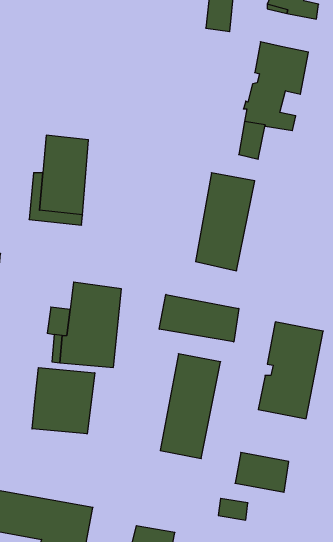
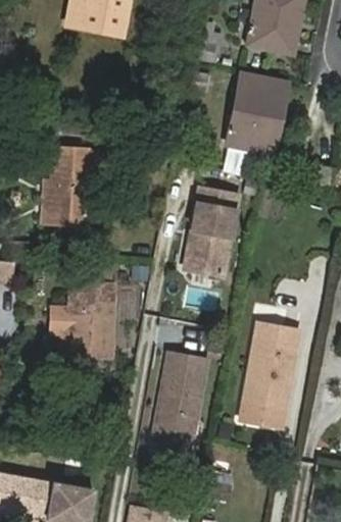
building: [159,294,239,342] -> none
building: [32,368,95,434] -> none
building: [235,452,289,492] -> [236,401,284,436]

